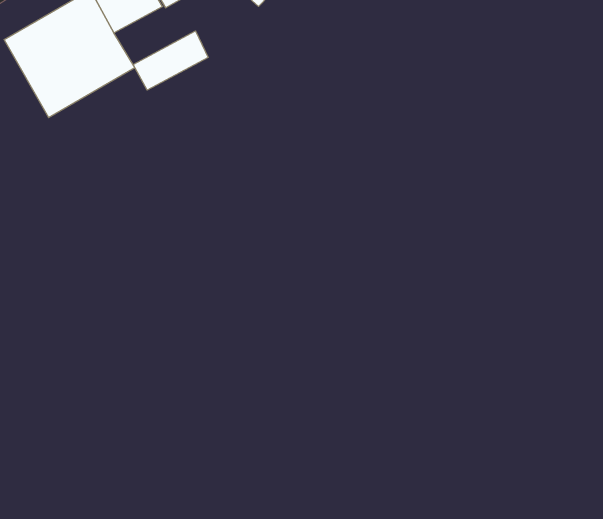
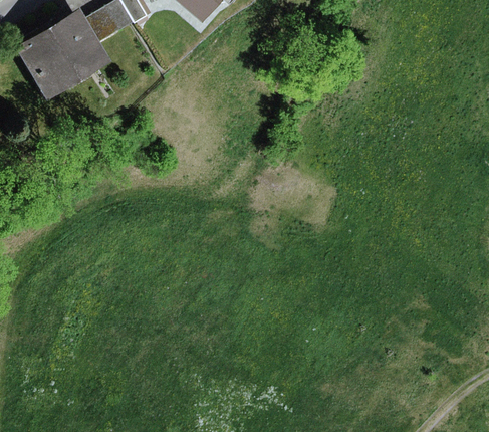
building: [133,31,208,90] -> none

